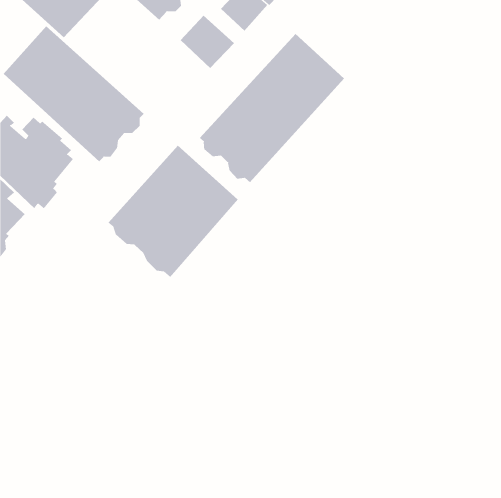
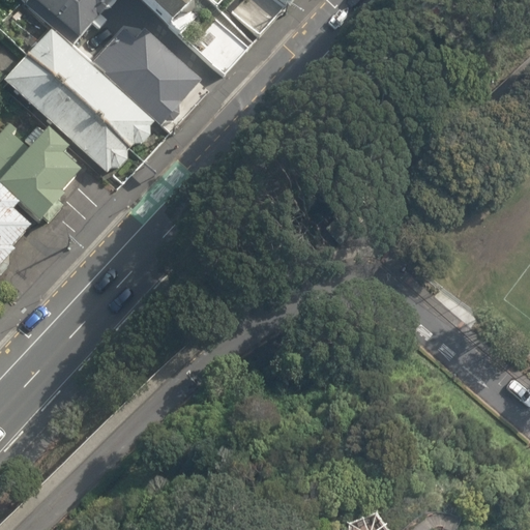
building: none -> [92,26,200,124]
building: [199,33,345,183] -> none
building: [107,145,238,278] -> none

